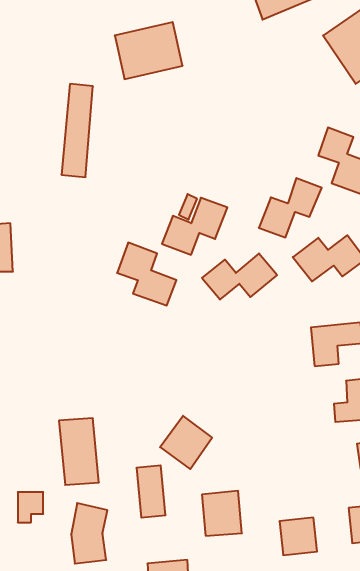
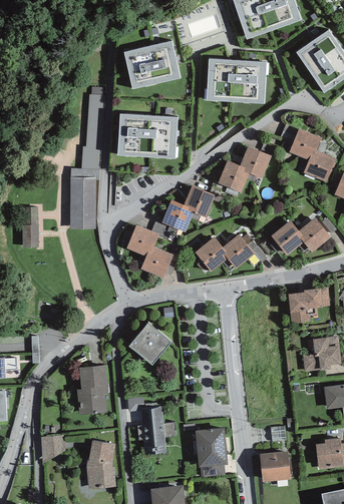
building: none -> [206,57,266,102]
building: none -> [117,112,178,157]
building: [259,178,322,237] -> [218,144,270,193]
building: none -> [70,176,94,230]
building: [160,416,212,469] -> [129,321,173,365]

